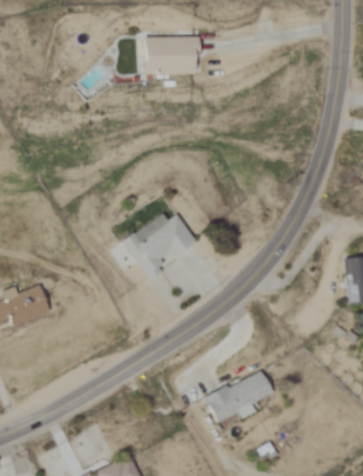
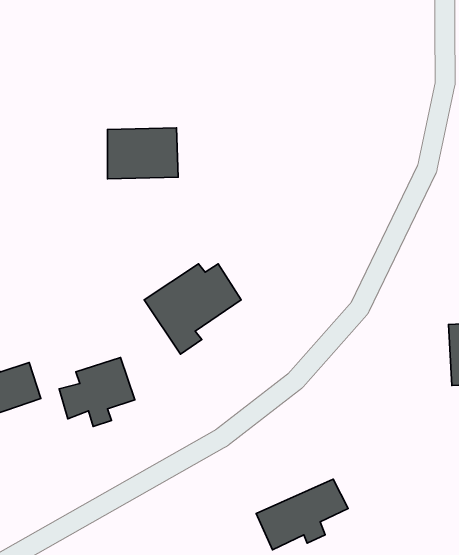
building: [147,36,198,73] -> [107,128,178,179]
building: none -> [59,358,135,427]

